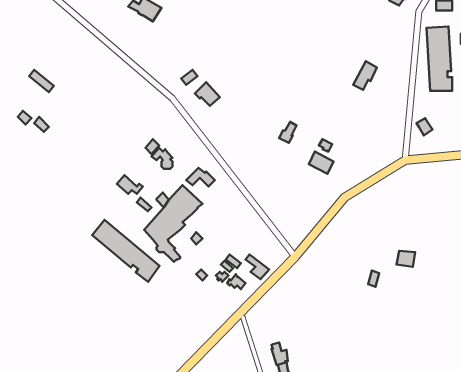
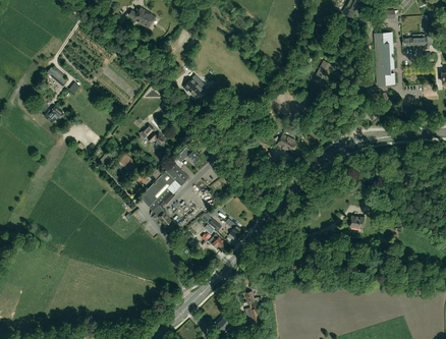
building: [92,220,159,282] -> none

